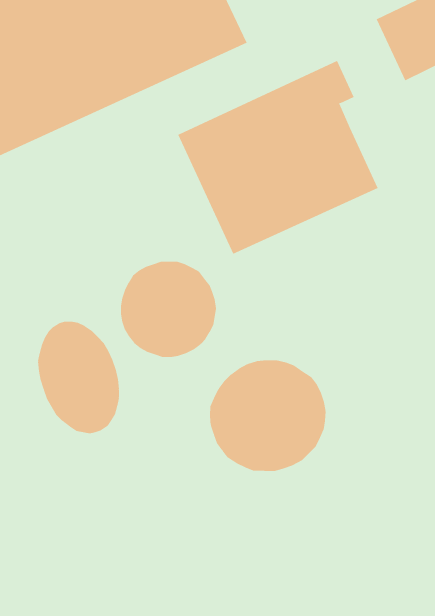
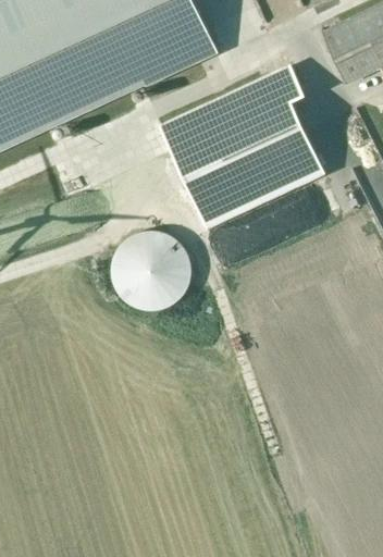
building: [38,321,119,434] -> none
building: [209,359,326,472] -> none

